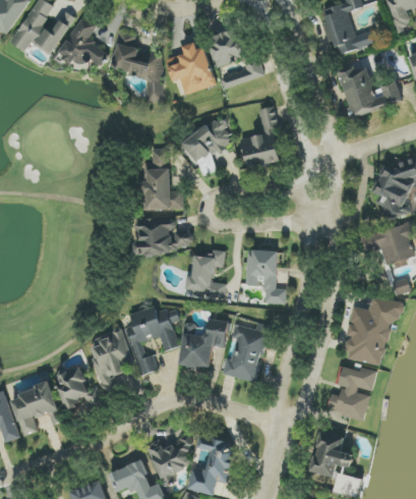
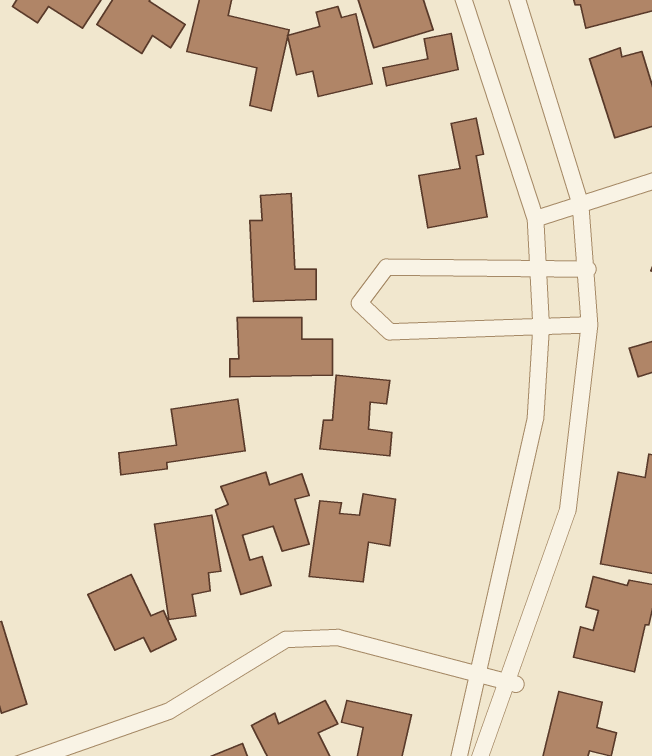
building: [181,118,233,176] -> none
building: [244,250,285,304] -> none
building: none -> [119,399,245,475]
building: [222,323,269,383] -> none
building: [10,383,58,436] -> none

